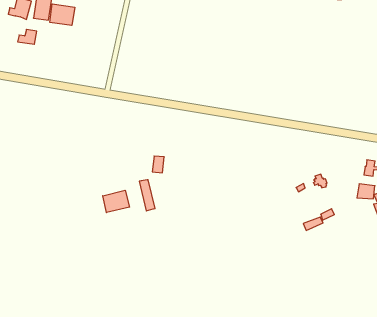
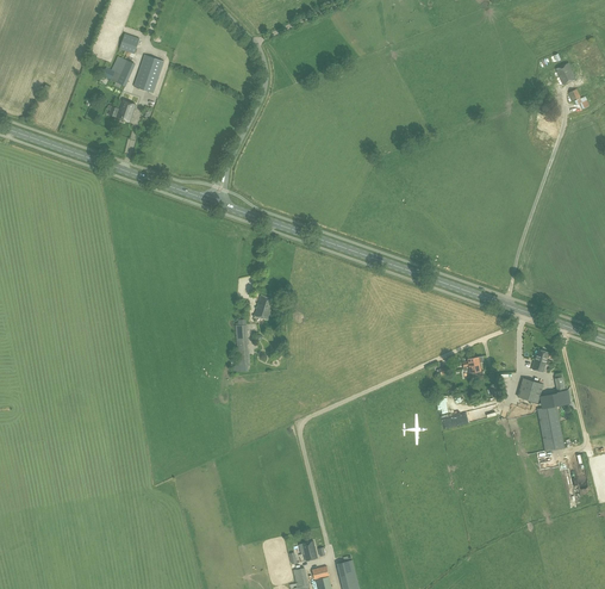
building: [50,4,75,25] -> none
building: [103,190,130,213] -> none

